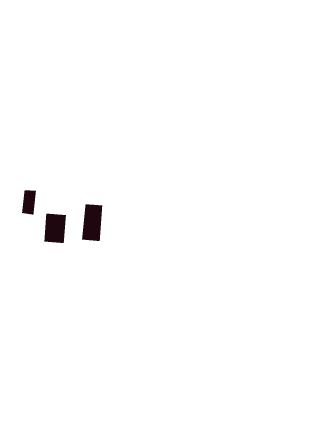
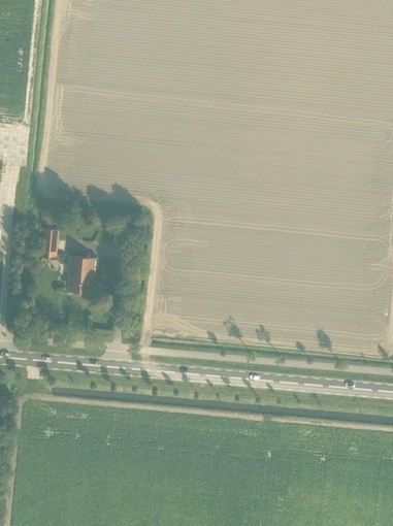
building: [81,204,103,242] -> none

